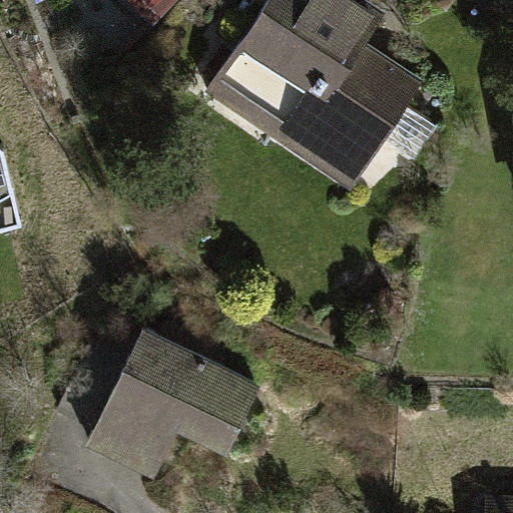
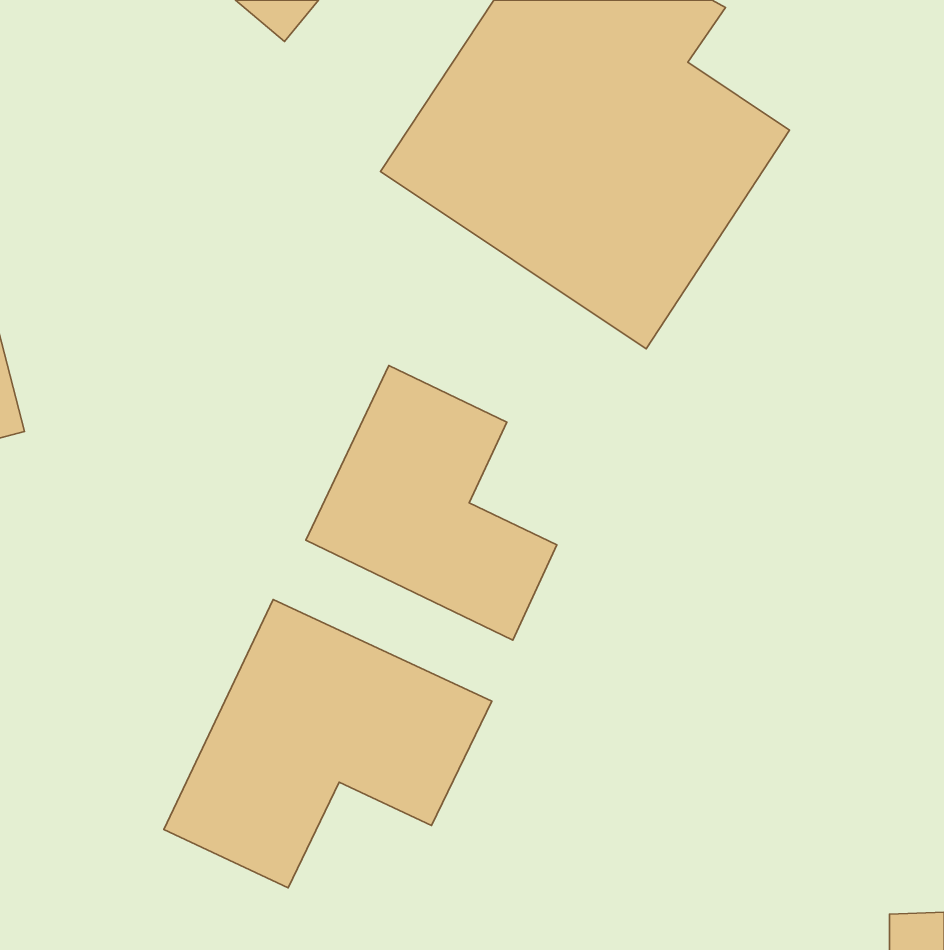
building: none -> [306,366,557,640]

